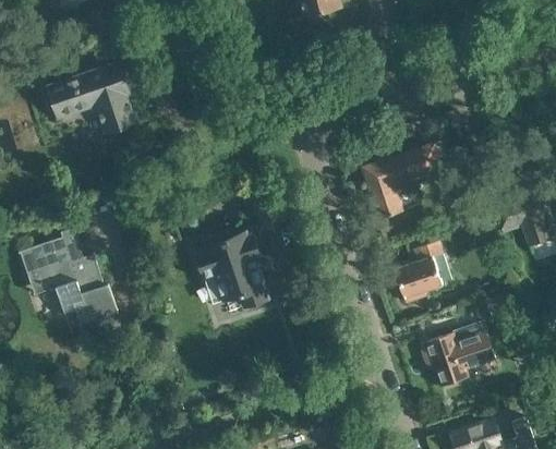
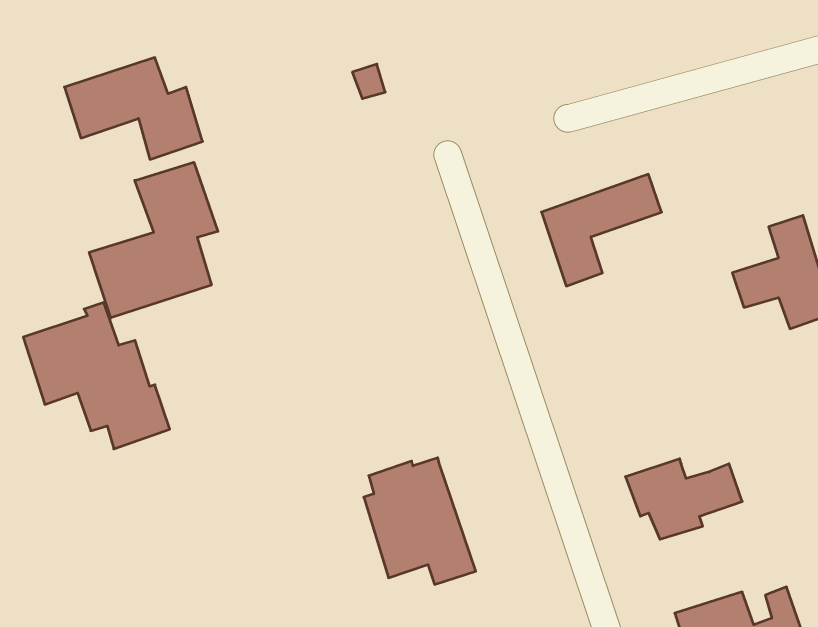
building: none -> [89,162,218,318]
building: [196,226,270,310] -> [364,458,476,584]
building: [395,241,445,299] -> none

